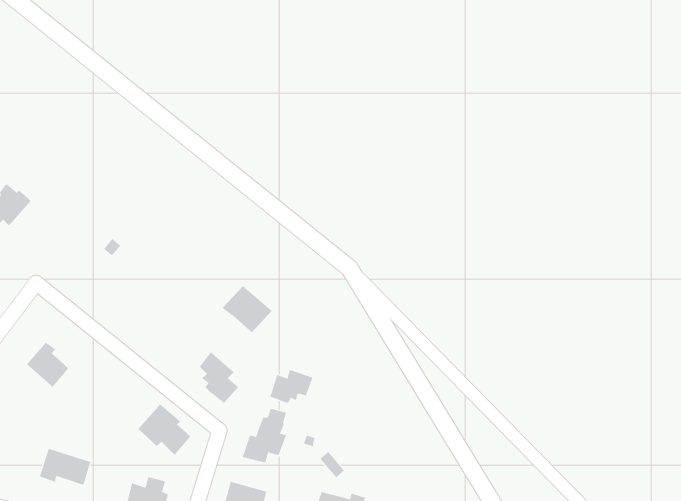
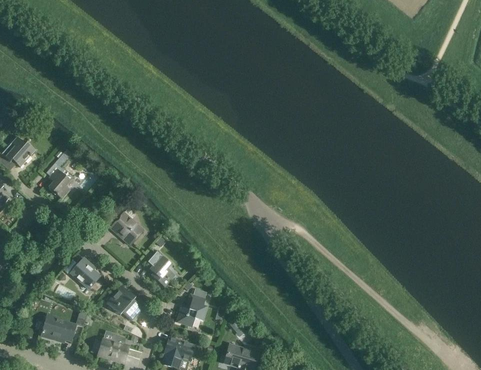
building: none -> [46,148,71,197]
building: [222,285,273,333] -> [109,212,143,244]
building: [26,342,69,388] -> [70,257,99,288]
building: [270,369,313,404] -> none

